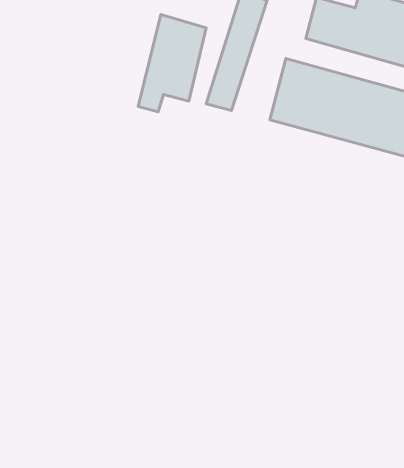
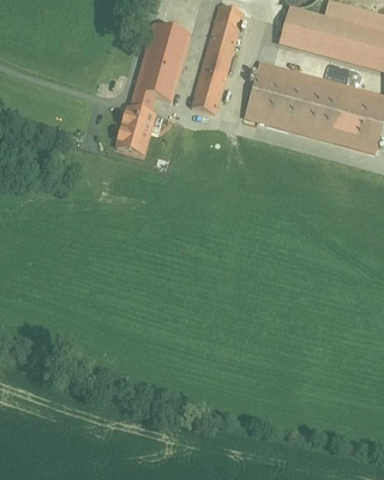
building: none -> [115,103,154,151]

